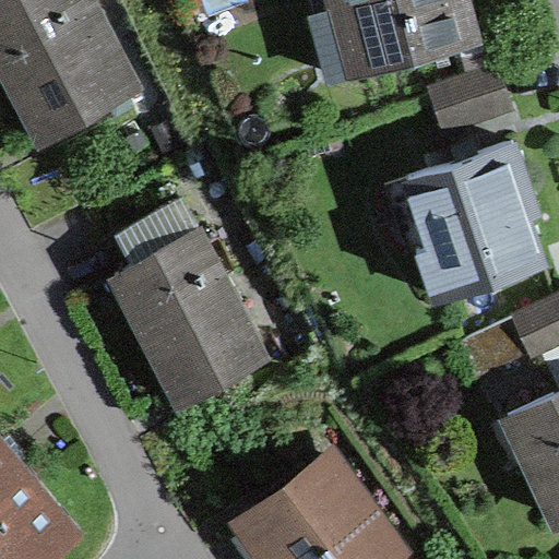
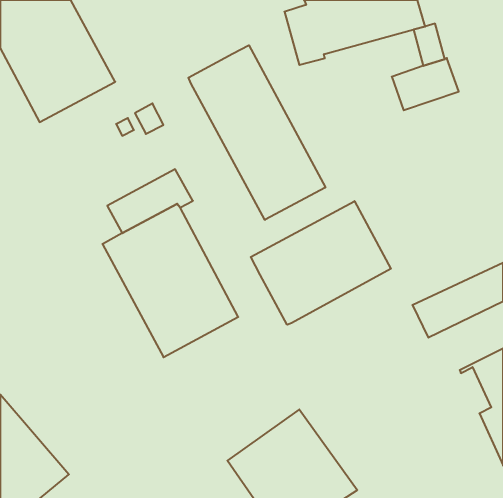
building: none -> [188,45,325,220]
building: [408,143,543,298] -> none
building: none -> [251,201,391,325]

